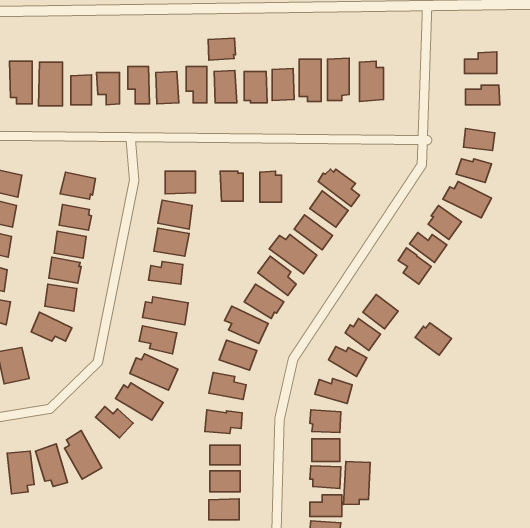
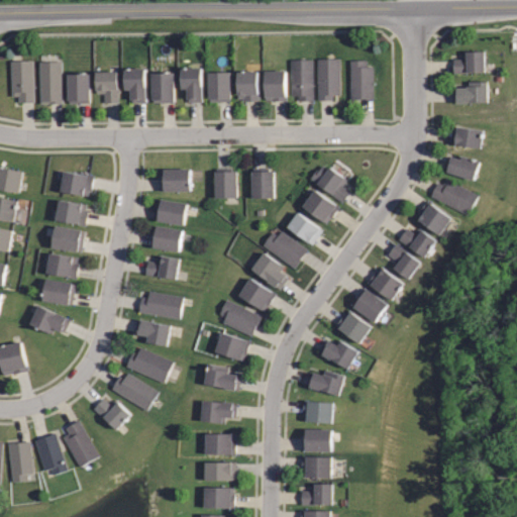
building: [208,38,236,60] -> none
building: [415,323,452,355] -> [367,269,402,300]
building: [343,462,370,504] -> none

